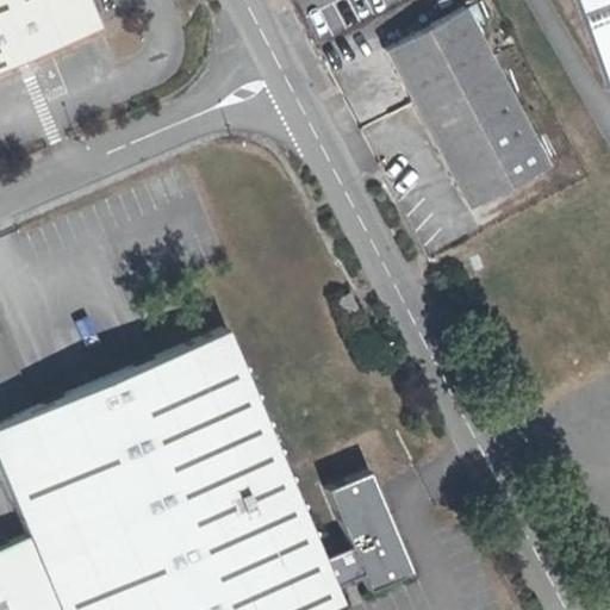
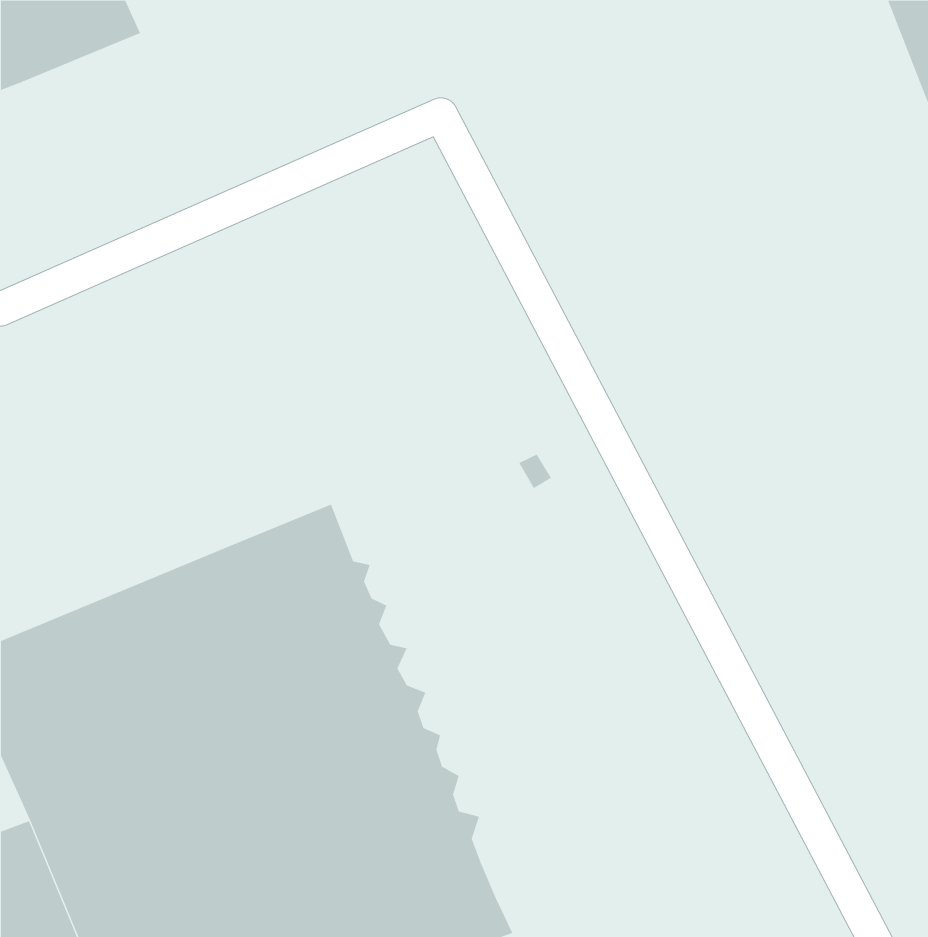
building: [392,11,549,207] -> none
building: [322,475,411,592] -> none

